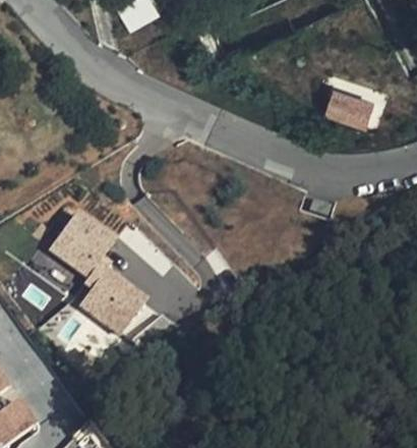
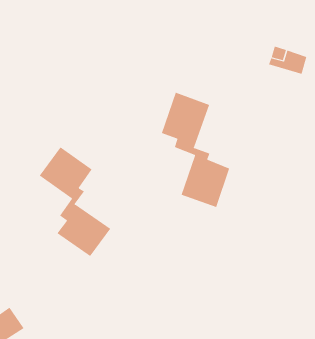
building: none -> [161,92,230,208]

